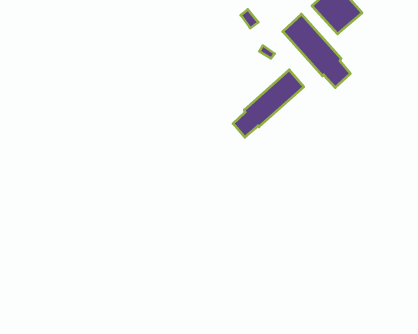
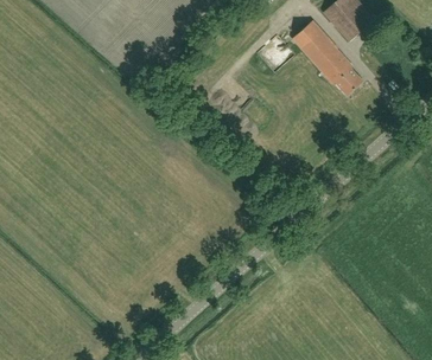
building: [233,70,304,137] -> none

